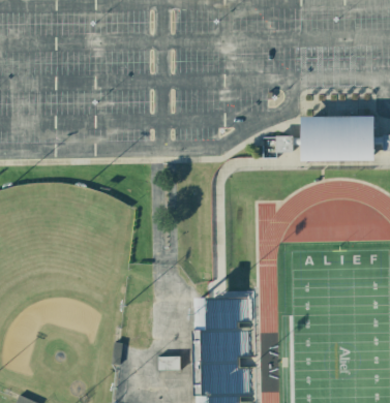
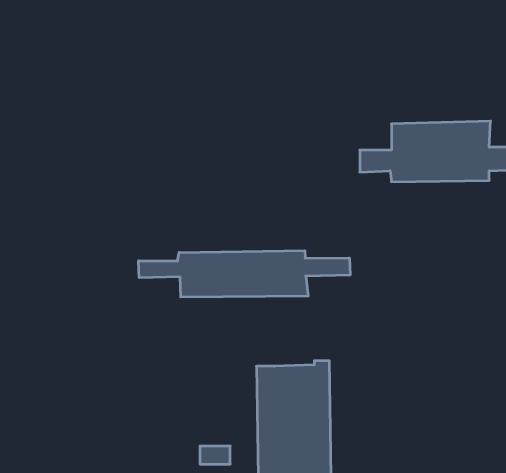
building: none -> [139,251,350,297]

